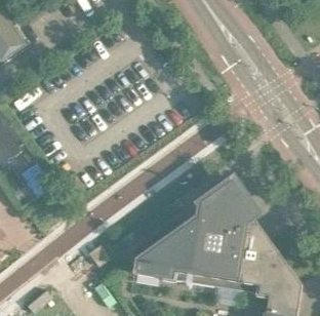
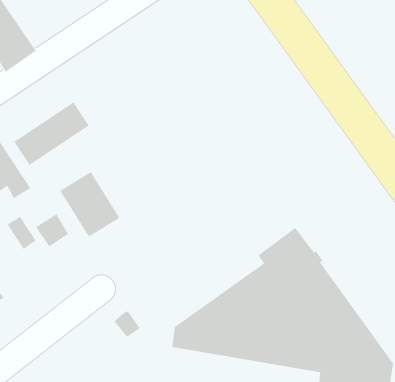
building: none -> [13,102,89,166]
building: none -> [59,171,120,237]

